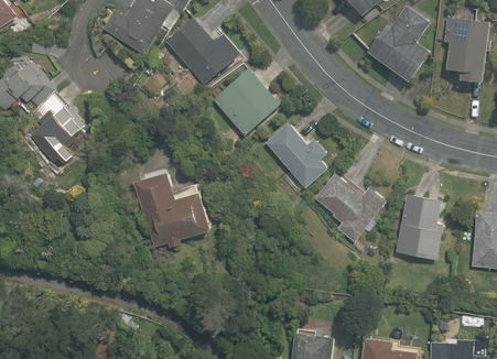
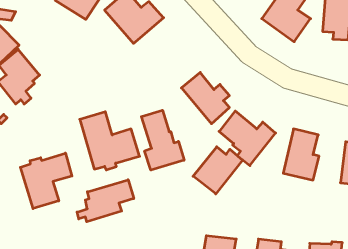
building: [213,68,279,134] -> none
building: none -> [141,110,184,170]
building: none -> [193,147,243,194]
building: none -> [20,153,72,209]
building: none -> [77,180,134,222]

